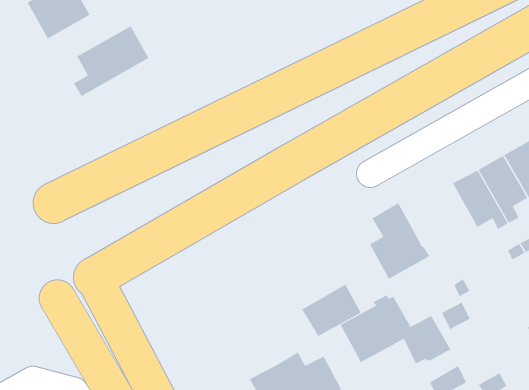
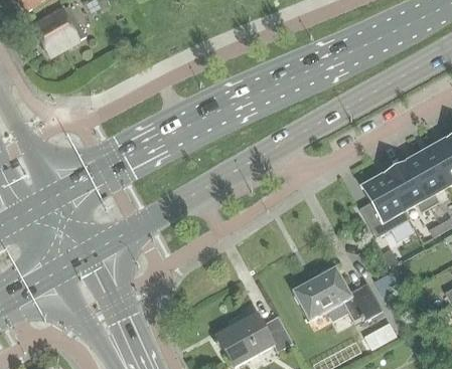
building: [73,25,149,97] -> none
building: [369,202,430,279] -> [359,173,410,236]
building: [302,284,362,337] -> none

